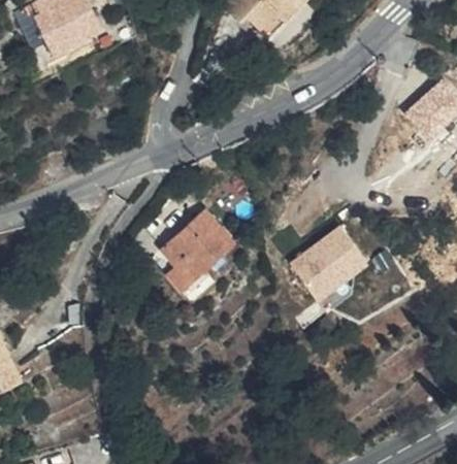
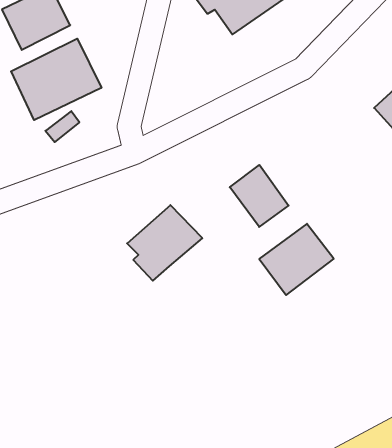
building: none -> [11,39,101,120]
building: none -> [230,165,289,227]

